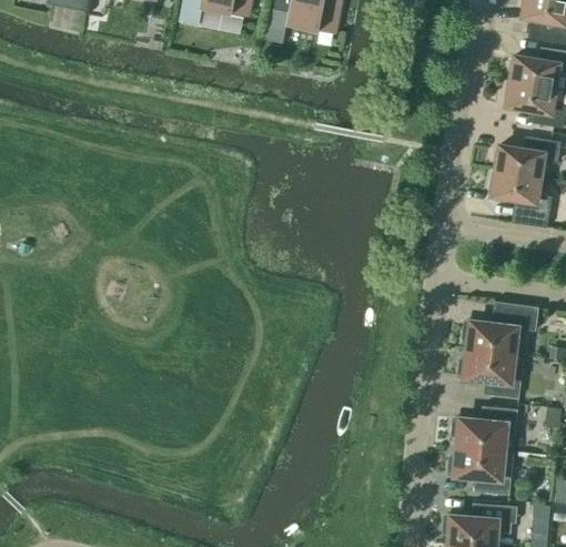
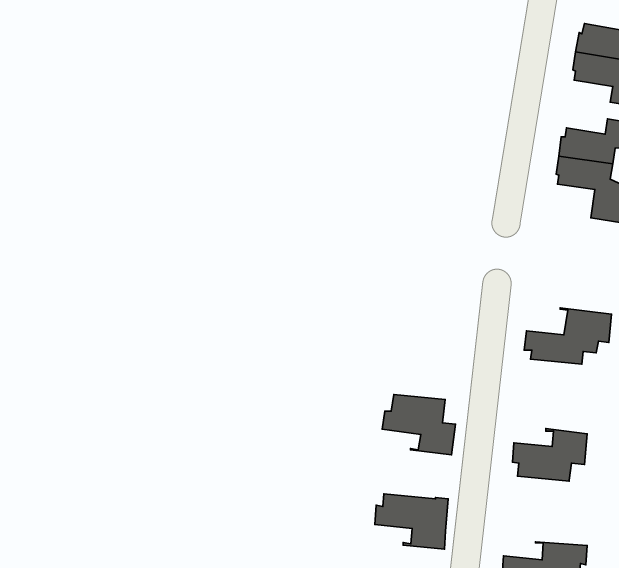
building: [458,346,522,398] -> [382,394,456,455]
building: [449,447,513,495] -> [375,494,448,549]

